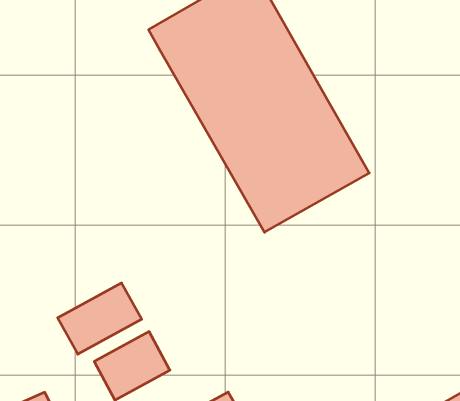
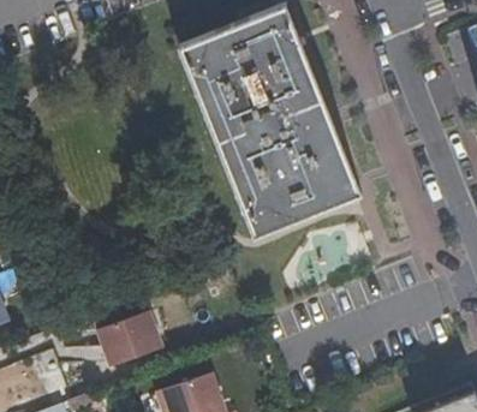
building: [58,283,142,354] -> none

